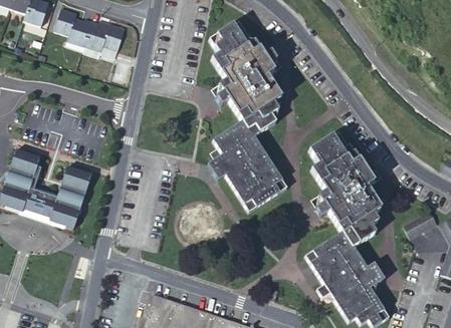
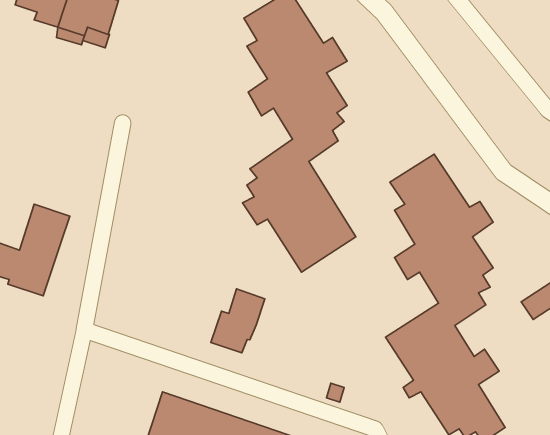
building: none -> [211,289,265,353]

